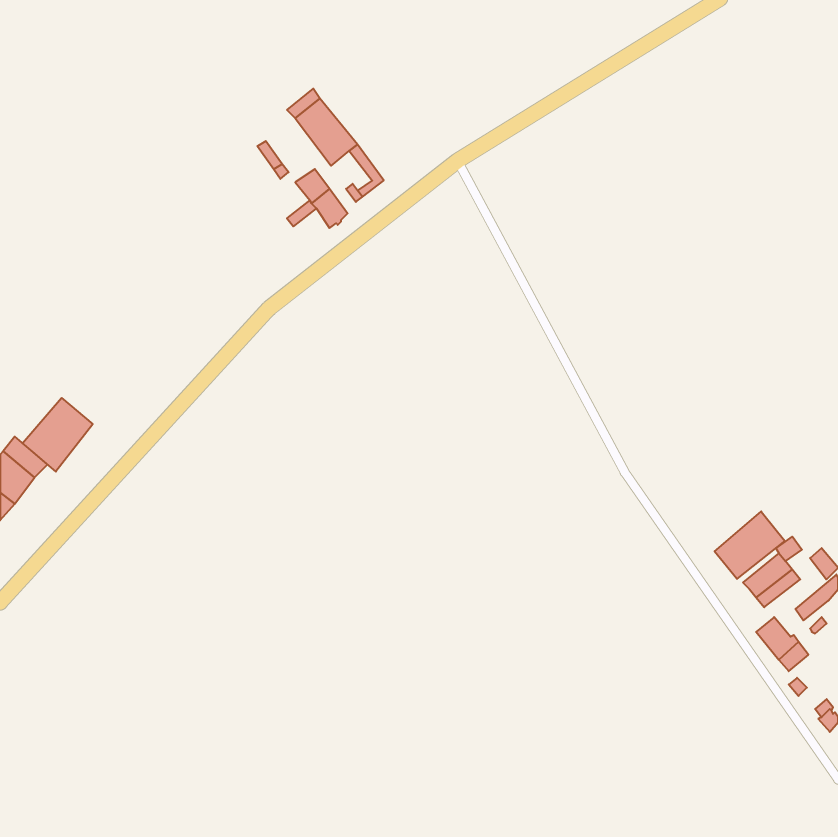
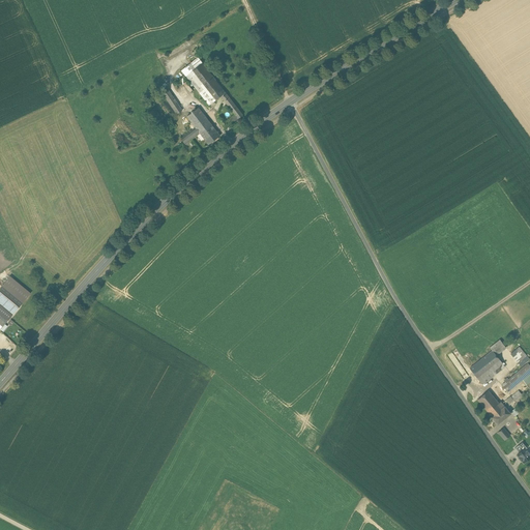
building: [23,398,93,472] -> none
building: [715,511,785,579] -> none

